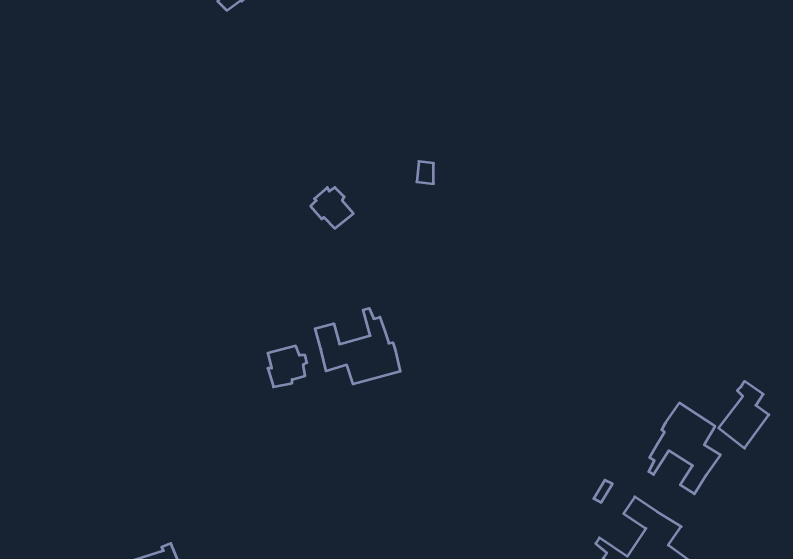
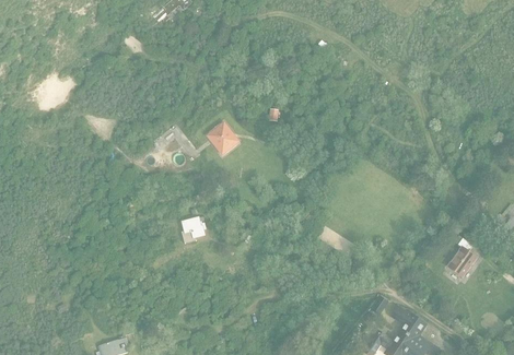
building: [315,308,400,384] -> none
building: [649,403,720,494] -> none

